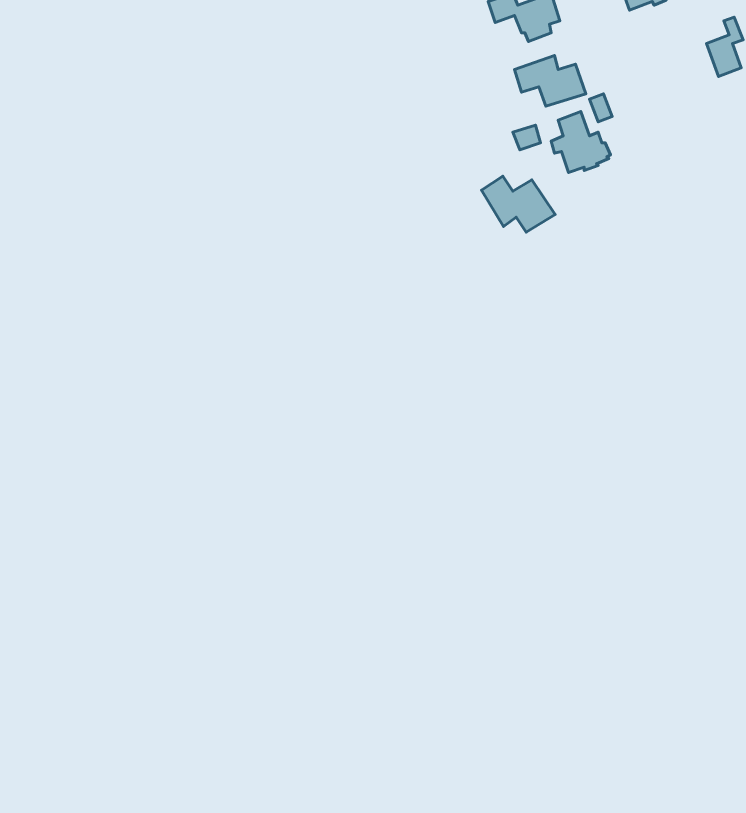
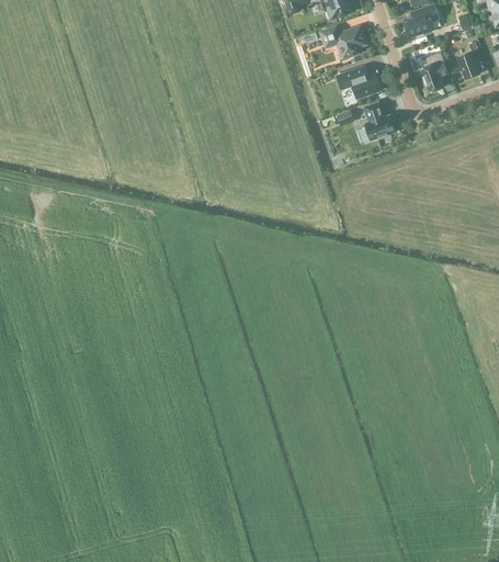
building: none -> [419,52,449,92]
building: [482,176,555,232] -> none

